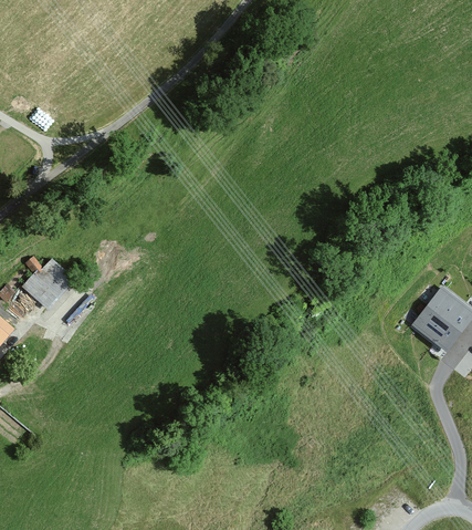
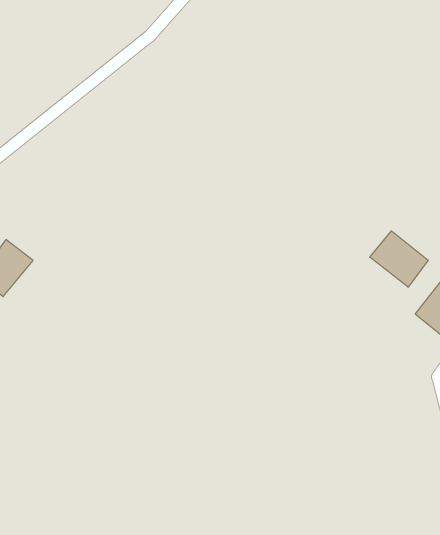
building: none -> [370,231,428,287]

